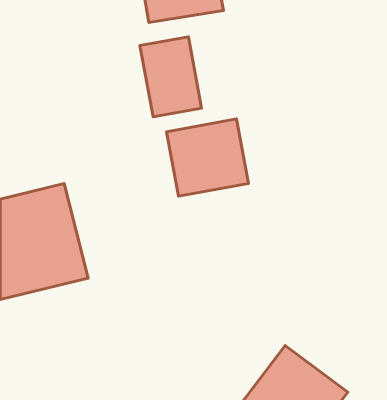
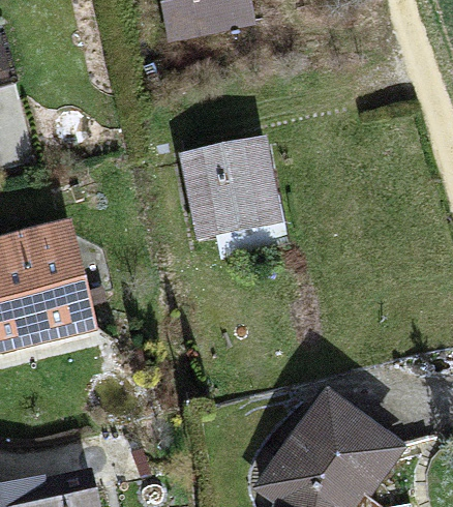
building: [140,37,202,117] -> none

